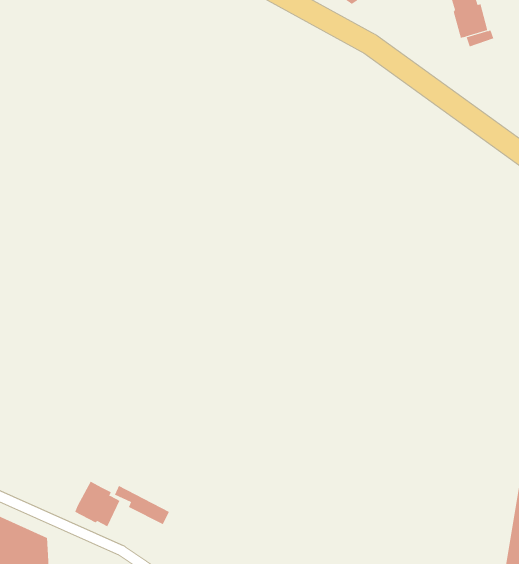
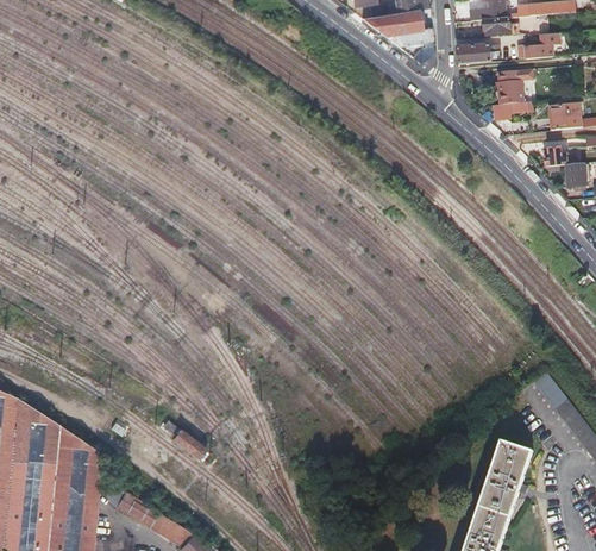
building: [74,481,120,527] -> none

